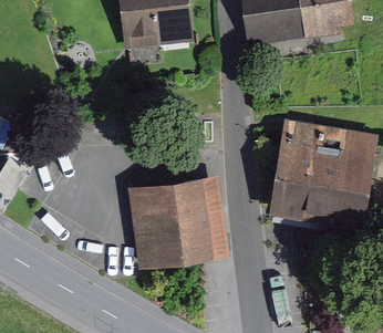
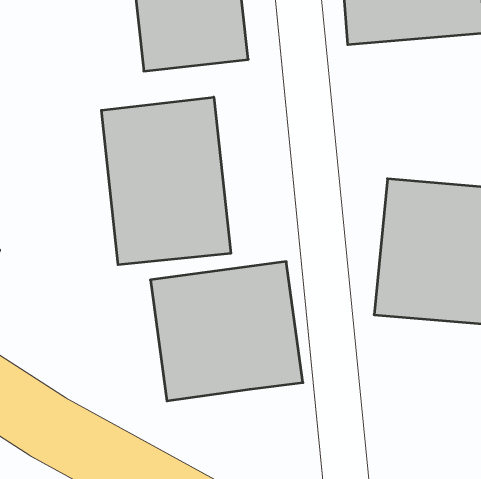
building: none -> [101,97,231,265]

